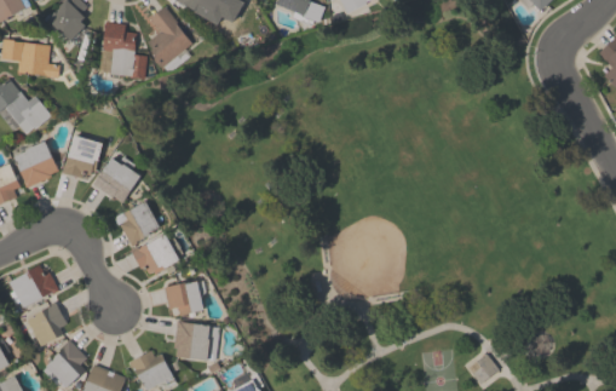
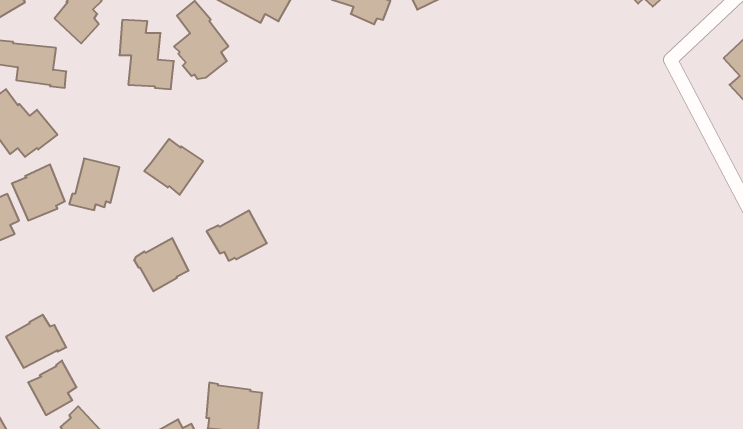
building: [92,157,140,203] -> [144,139,203,195]
building: [129,234,179,275] -> [207,211,267,261]
building: [163,281,205,316] -> none

